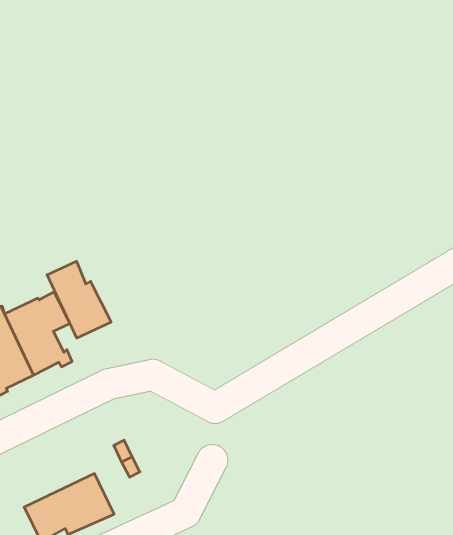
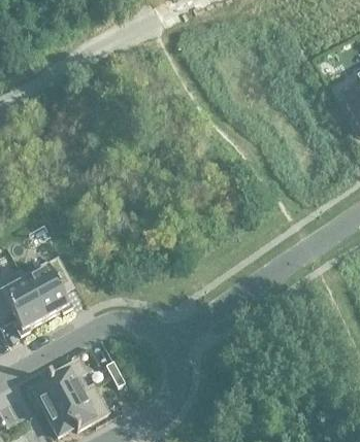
building: [47,261,111,338] -> none
building: none -> [33,355,94,409]

